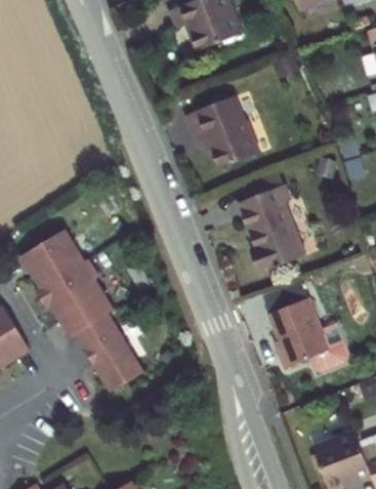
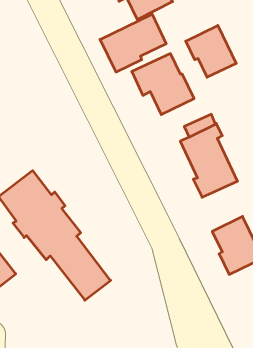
building: none -> [100,14,166,72]
building: none -> [186,25,236,77]

